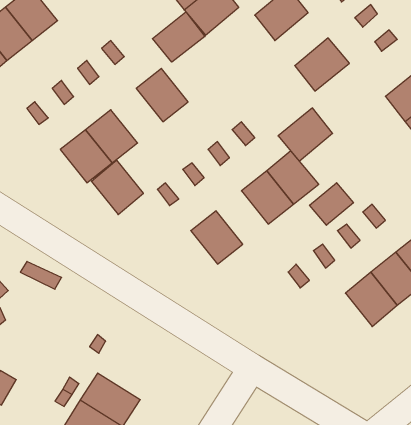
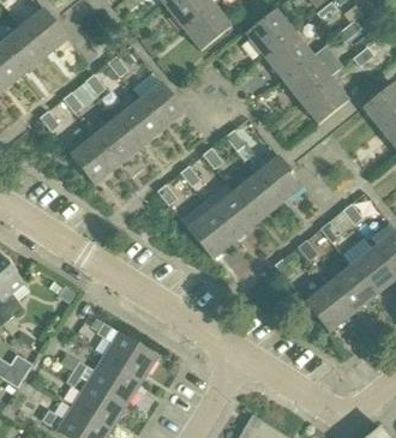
building: [152,12,205,62] -> none
building: none -> [263,30,311,78]
building: [278,108,333,161] -> [299,76,348,124]
building: [91,160,143,215] -> [115,98,162,148]
building: [310,183,353,225] -> none
building: none -> [210,191,257,239]
building: none -> [304,283,350,331]
building: none -> [103,330,157,379]

